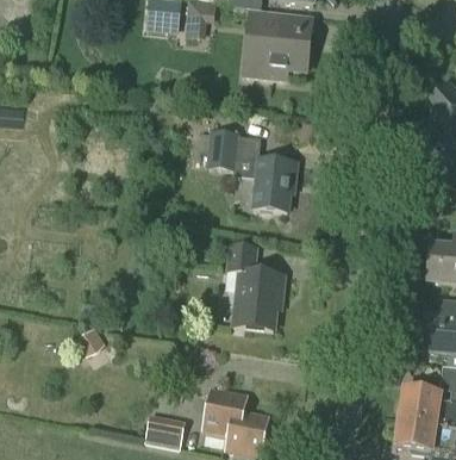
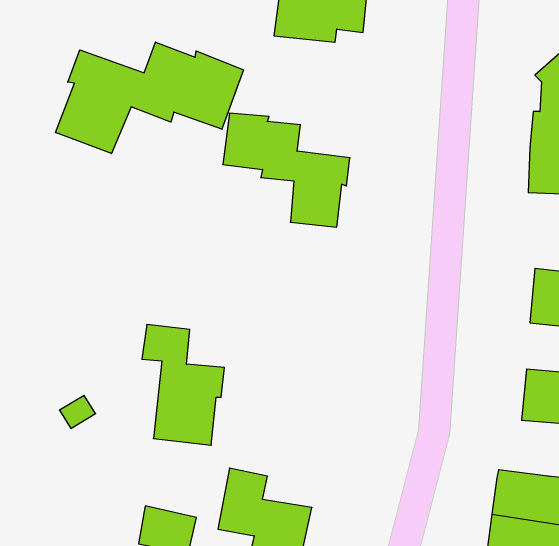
building: none -> [56,42,243,154]
building: [224,242,283,329] -> [142,325,224,445]

